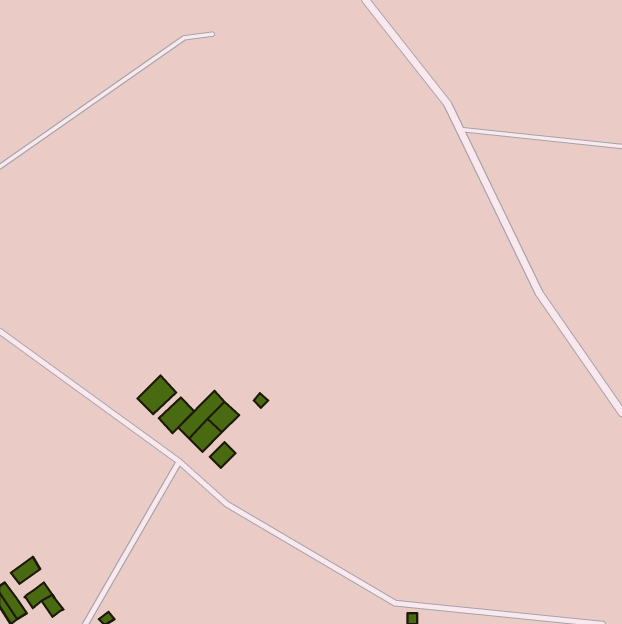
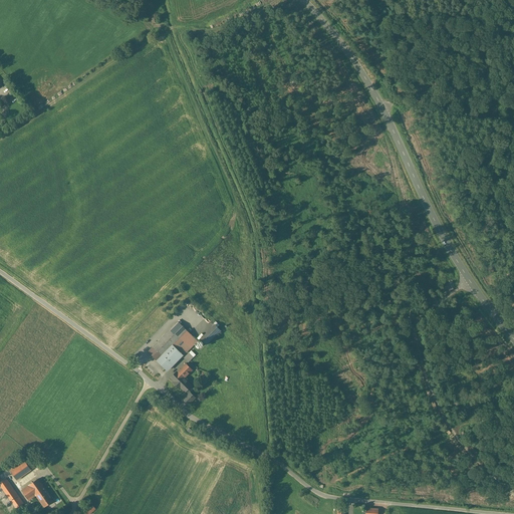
building: [137,375,176,414] -> none
building: [159,398,194,433] -> none

